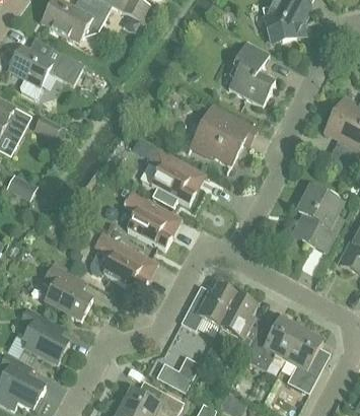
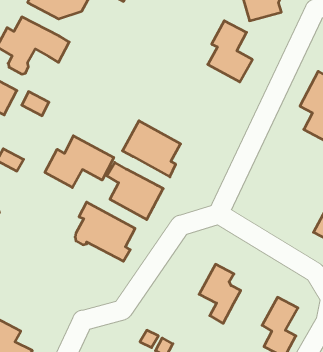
building: [199,105,251,165] -> none
building: none -> [45,136,114,188]
building: [293,187,342,251] -> none
building: [42,263,92,321] -> none
building: [181,285,236,331] -> none
building: [20,306,69,365] -> none
building: [243,319,301,370] -> none

